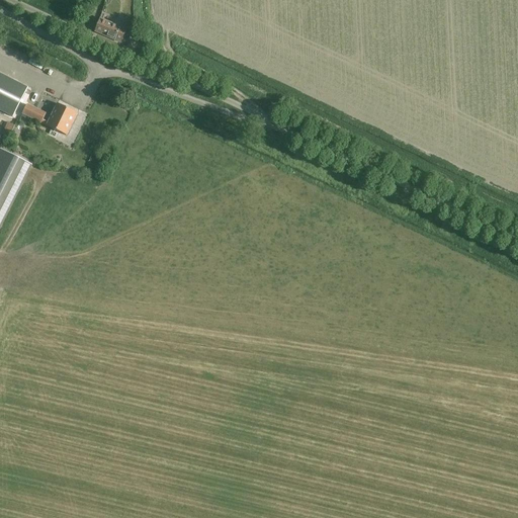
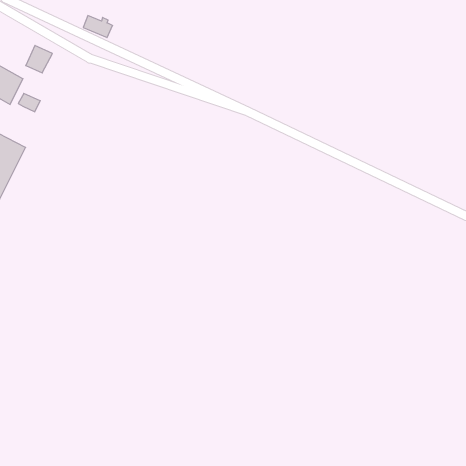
building: [46,102,75,133] -> [26,45,52,73]

